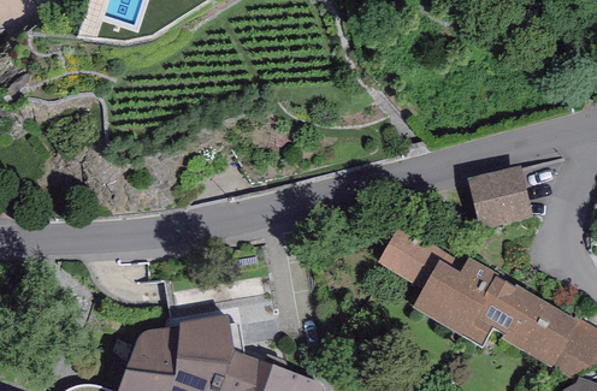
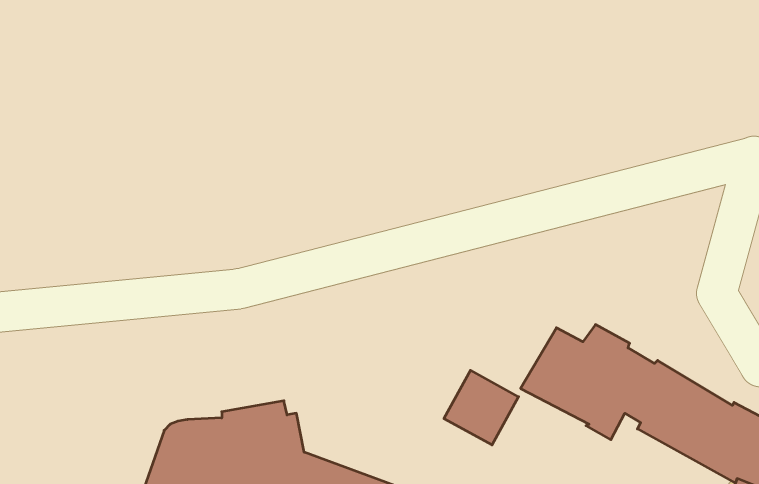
building: [471,179,538,241] -> none
building: [377,224,435,282] -> [444,370,519,445]

